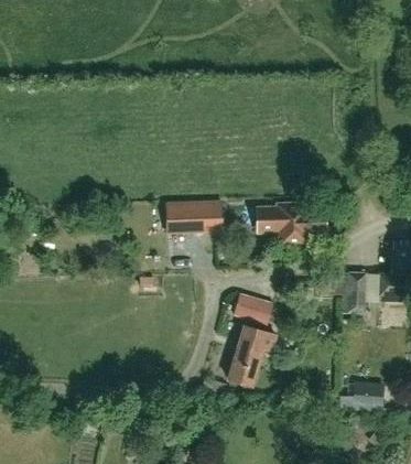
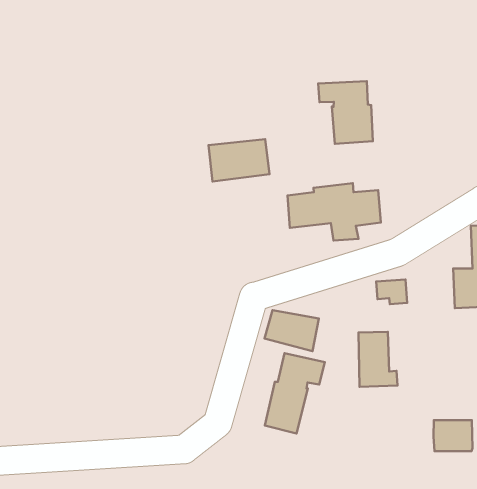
building: none -> [318,81,373,144]
building: [177,204,221,233] -> [208,139,269,182]
building: [342,271,370,313] -> [358,332,398,387]

